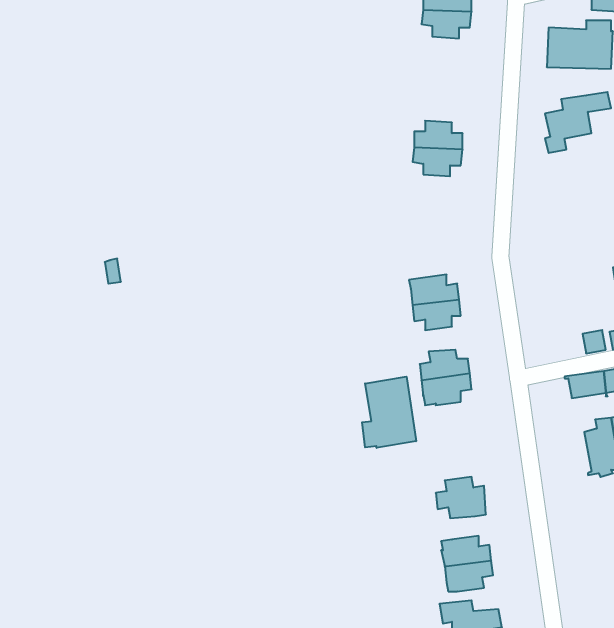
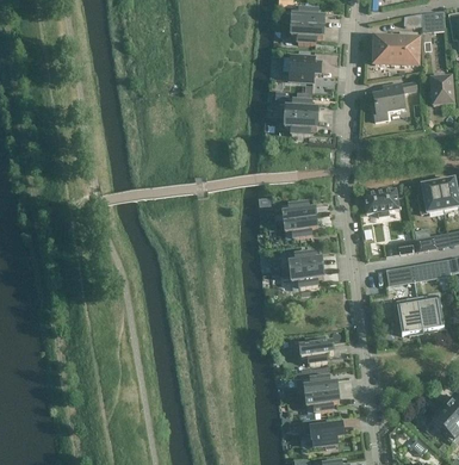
building: none -> [283,54,322,81]
building: none -> [364,188,399,216]
building: [362,377,416,448] -> none

